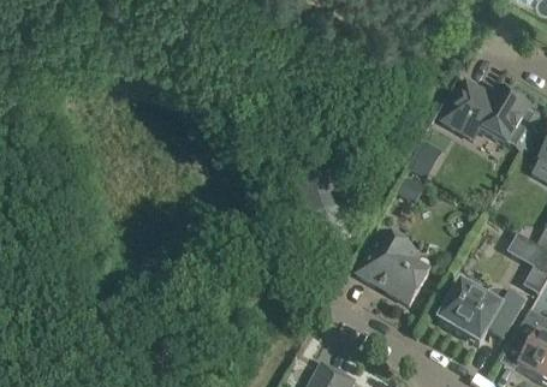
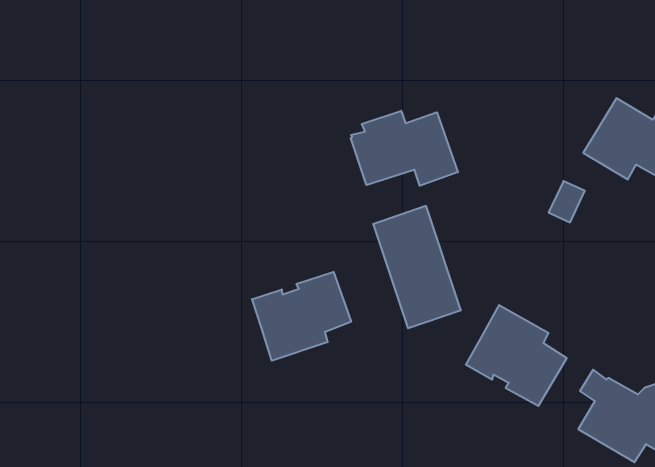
building: none -> [351,111,458,186]
building: none -> [252,272,351,361]

